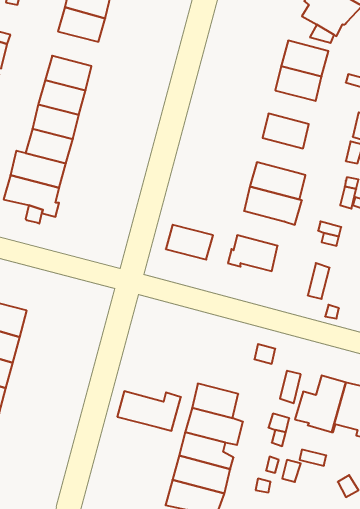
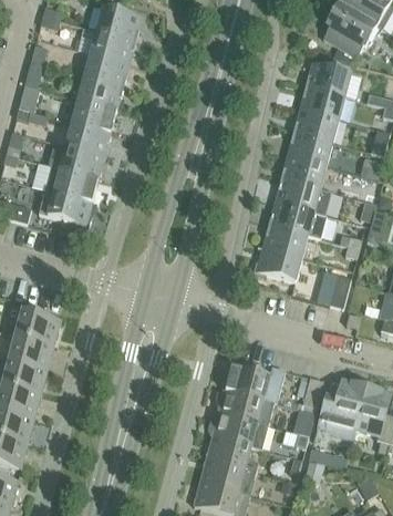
building: none -> [84,52,128,85]
building: none -> [291,109,337,141]
building: none -> [280,154,324,187]
building: [166,225,213,260] -> [261,224,307,257]
building: [117,391,181,431] -> [224,364,285,402]

